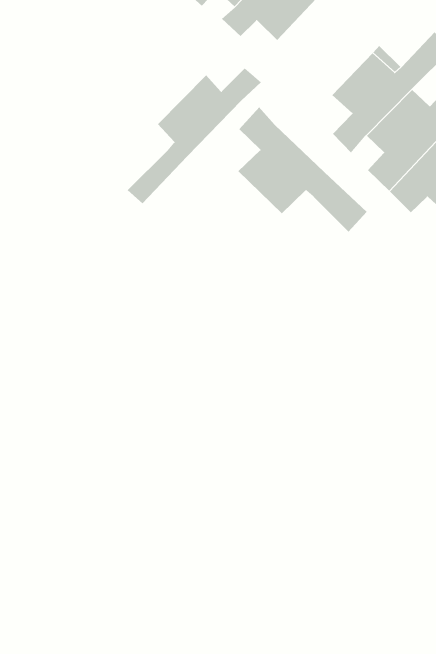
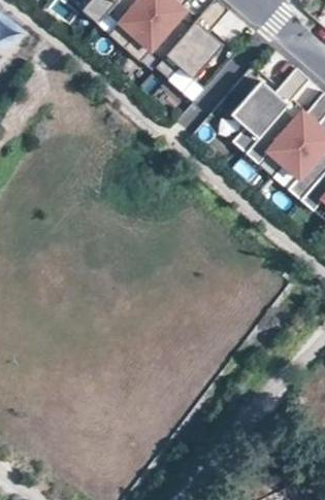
building: [127,67,262,204] -> none
building: [238,107,367,232] -> none

